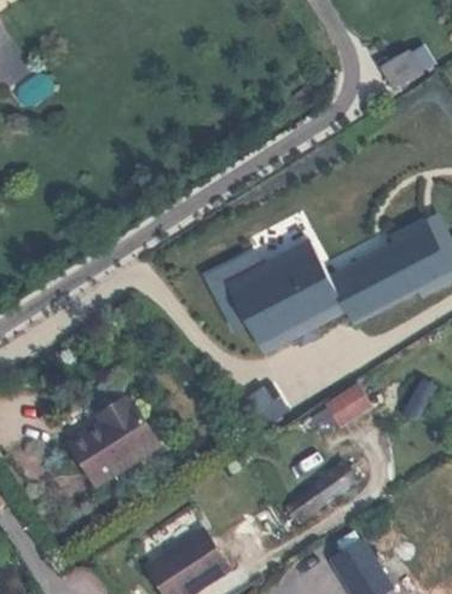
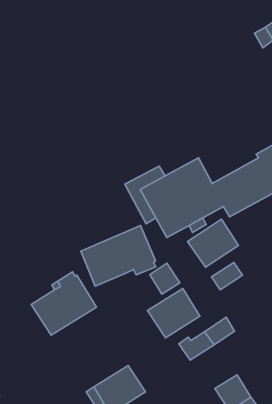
building: none -> [187,219,238,267]
building: none -> [81,226,156,286]
building: none -> [148,289,200,338]

